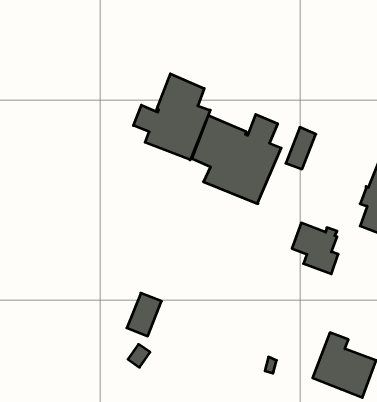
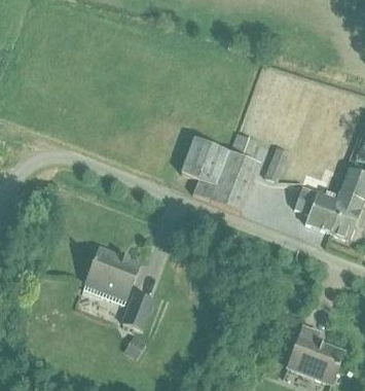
building: [133,74,210,160] -> none
building: [292,223,338,274] -> [294,186,335,232]
building: none -> [82,247,140,295]

